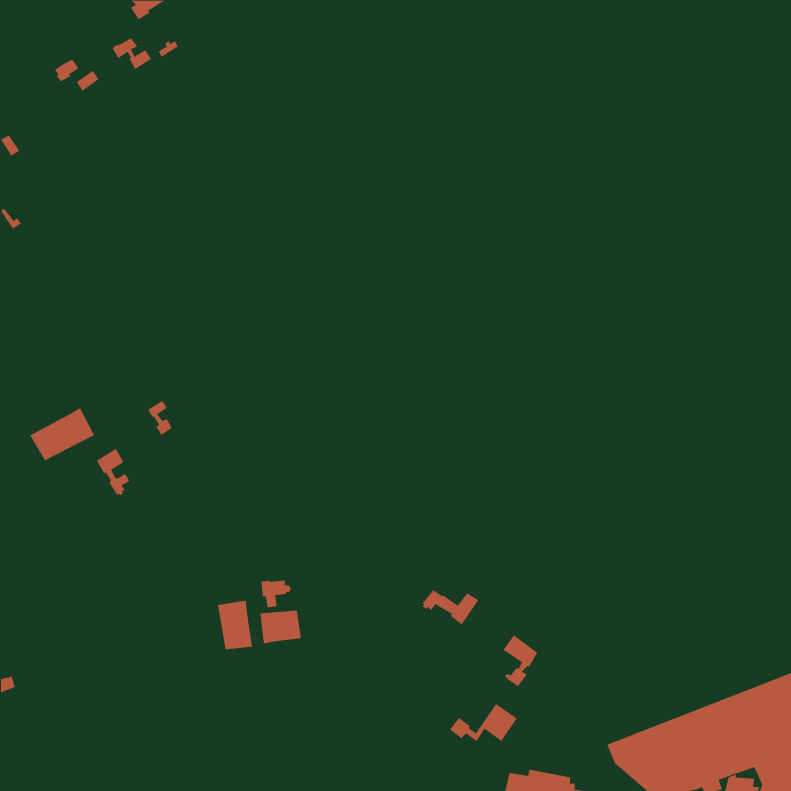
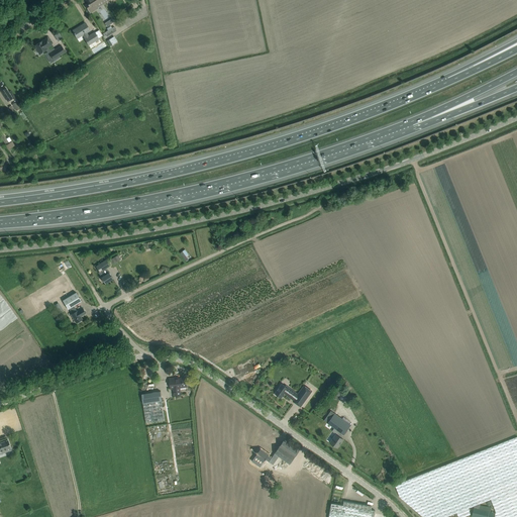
building: [29,407,95,461] -> none
building: [260,610,302,644] -> none
building: [449,703,517,742] -> [255,440,300,466]

